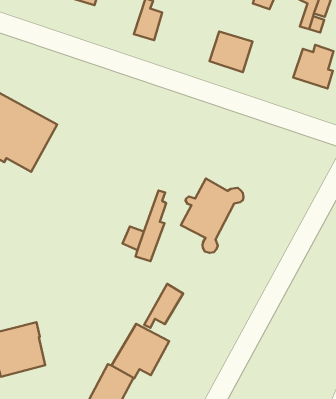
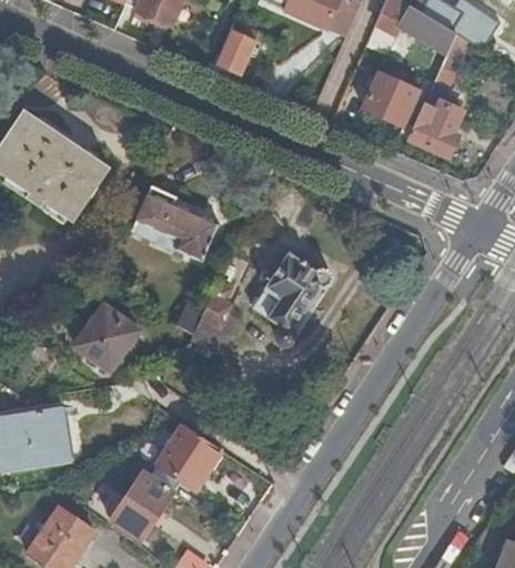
building: [210,32,252,72] -> [362,71,417,124]
building: none -> [133,183,221,260]
building: none -> [74,305,138,371]
building: [144,284,183,328] -> none

